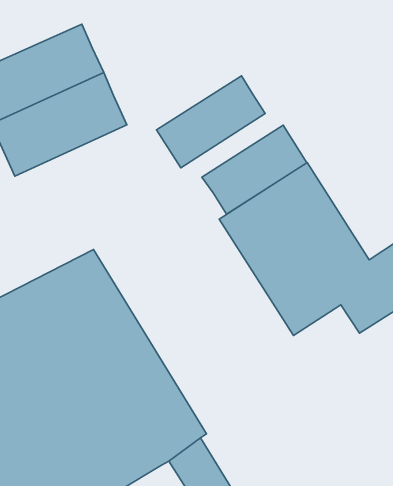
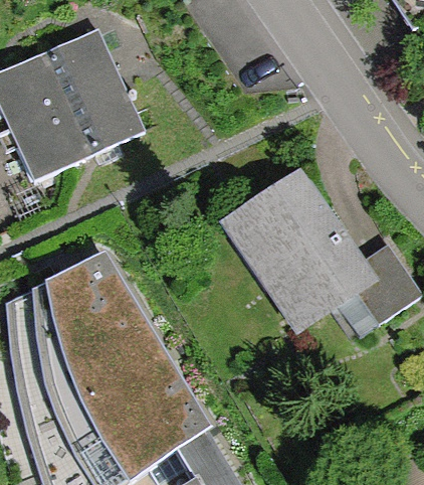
building: [156,76,265,168] -> none
building: [202,125,307,214] -> none

